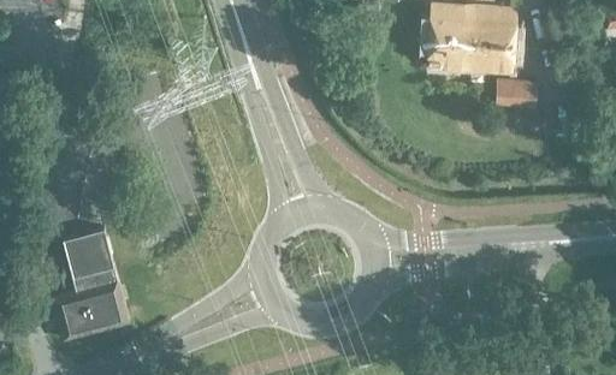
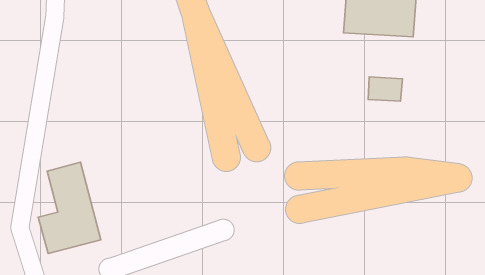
building: [494,78,537,108] -> [368,77,403,101]

